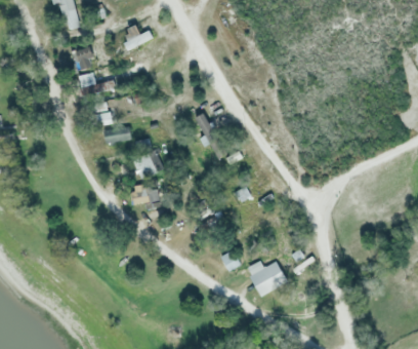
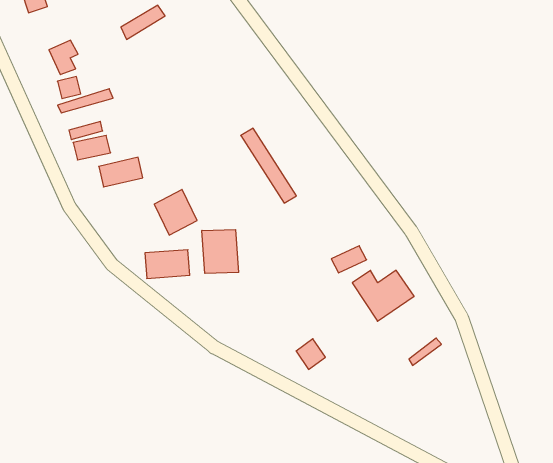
building: none -> [202,230,239,273]
building: [247,260,286,293] -> [352,270,414,321]

